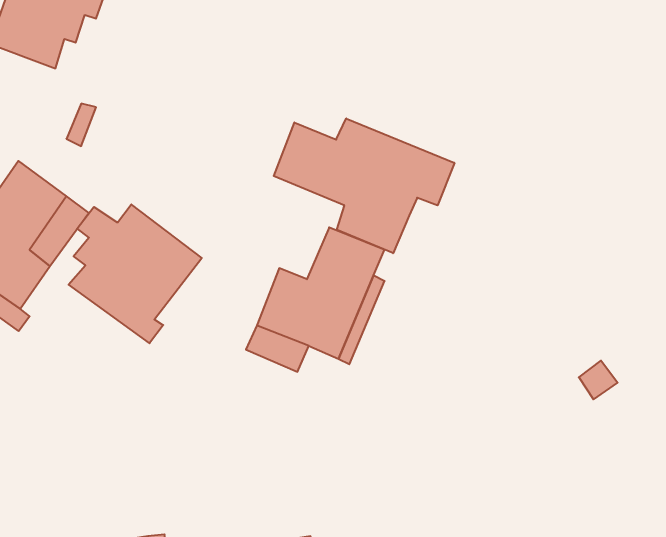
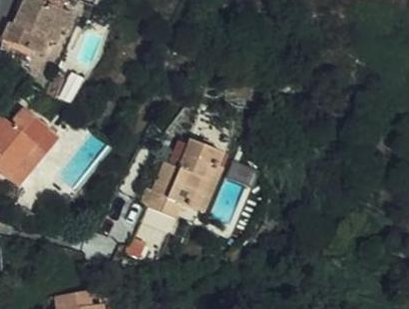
building: [274,118,454,253] -> none
building: [69,204,202,343] -> none

